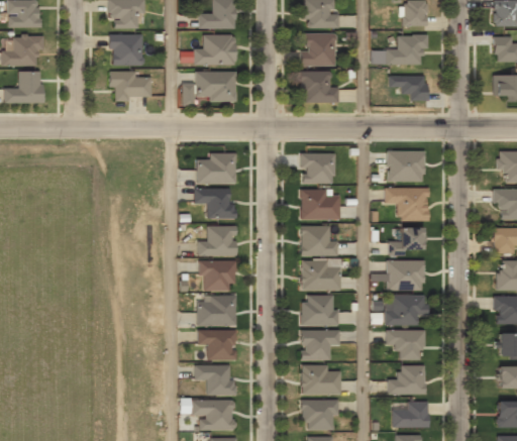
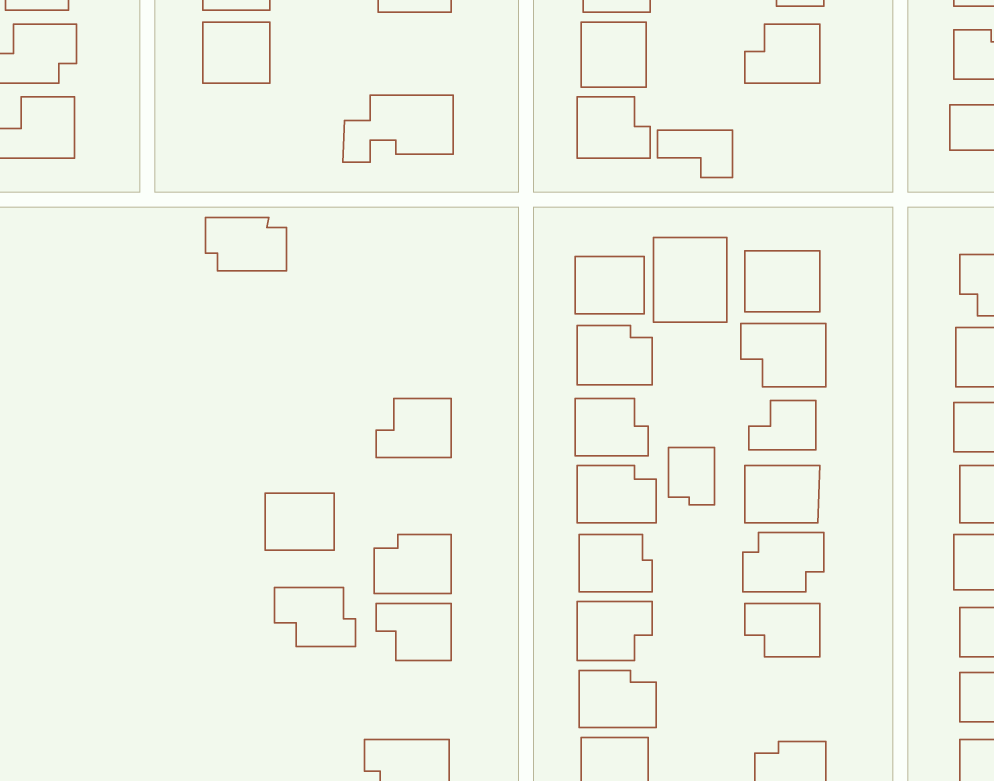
building: [181,34,236,65] -> none
building: [110,72,151,99] -> [206,218,286,271]
building: [389,77,427,101] -> [657,130,732,177]
building: none -> [654,238,727,322]
building: [197,152,236,183] -> none
building: [195,188,236,219] -> none
building: none -> [669,448,715,505]
building: [200,261,235,291] -> [265,493,334,550]
building: [195,365,236,396] -> [275,587,355,647]
building: [388,365,425,394] -> none

